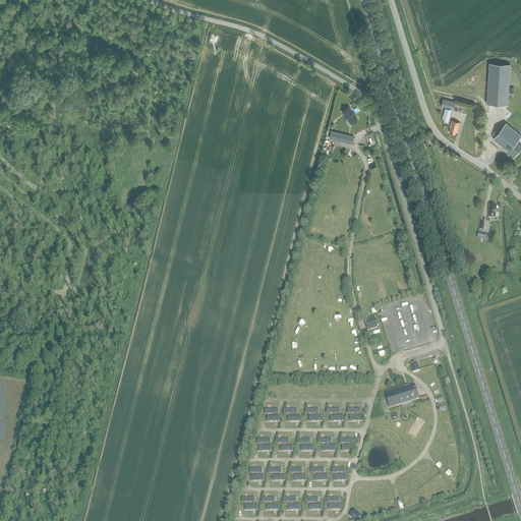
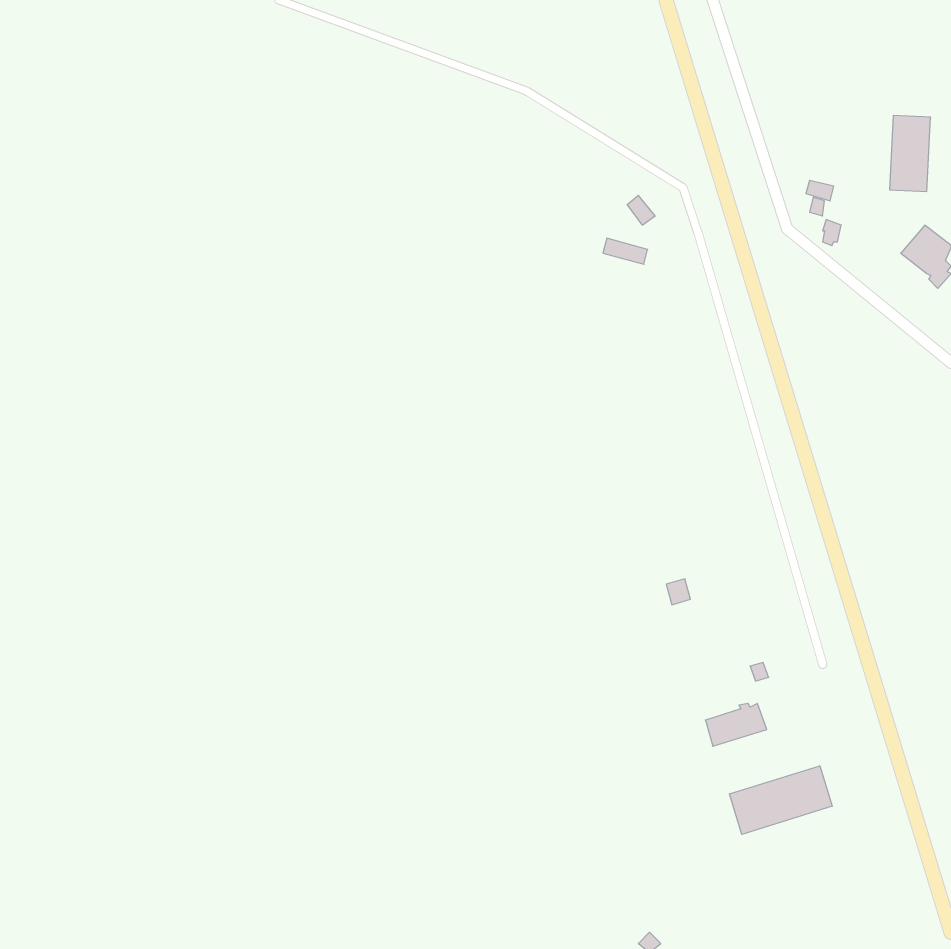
building: none -> [729,766,832,834]

